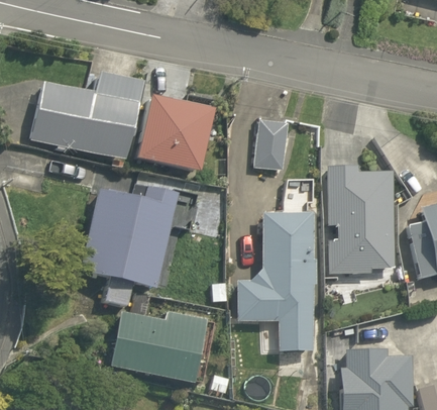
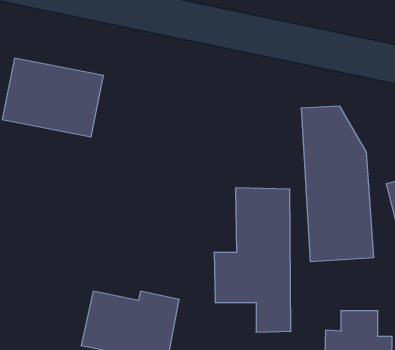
building: [132,94,211,173] -> none
building: [256,119,292,172] -> none
building: [77,179,179,307] -> none

